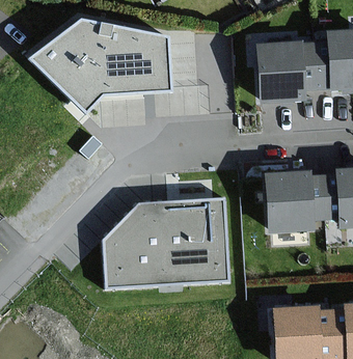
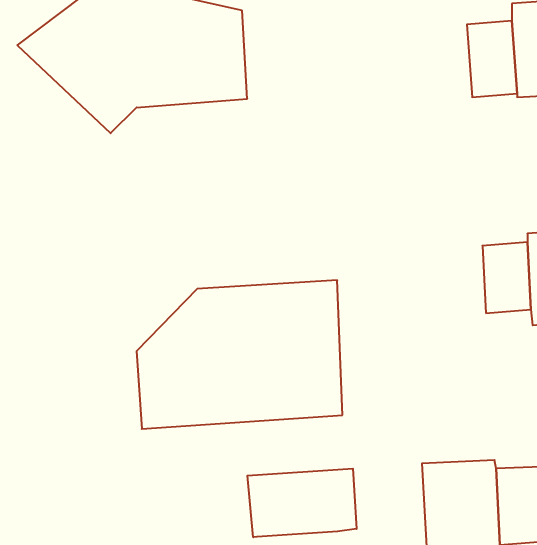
building: [259,43,304,101] -> none
building: [267,172,313,231] -> none
building: none -> [247,469,357,537]

